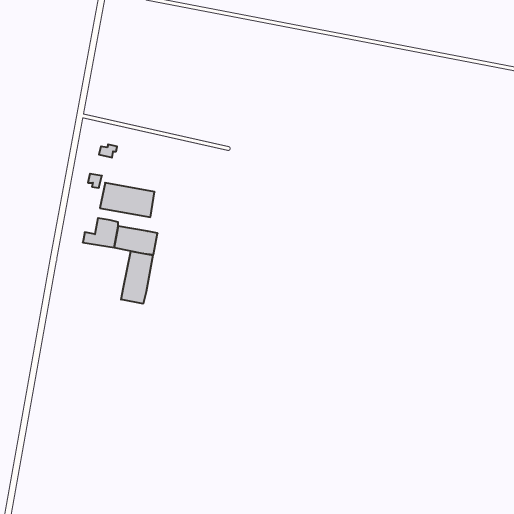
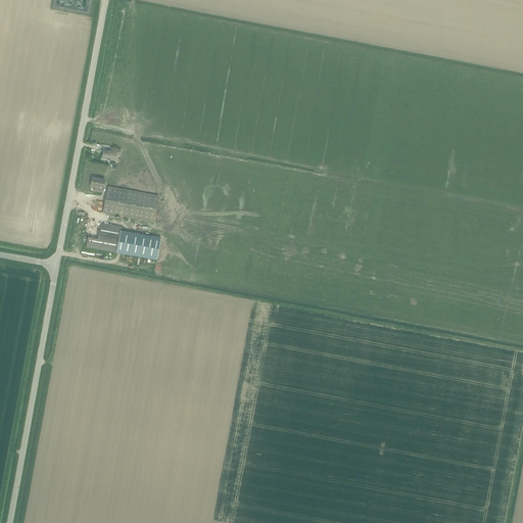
building: [121,251,153,304] -> none

